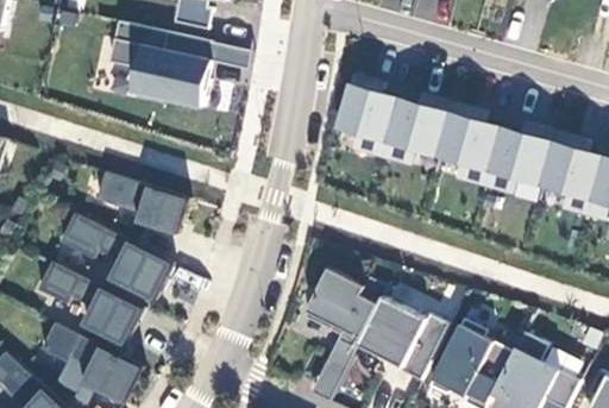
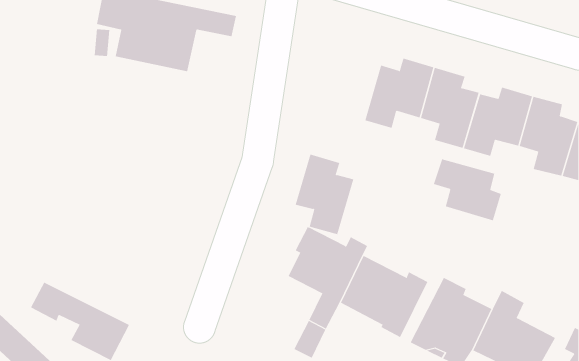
building: [338,74,398,157] -> [295,154,354,235]
building: [94,171,187,234] -> none
building: none -> [433,158,502,221]
building: [58,212,171,300] -> none
building: [36,261,143,345] -> none

